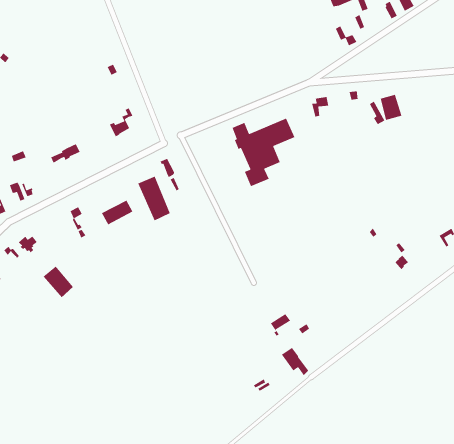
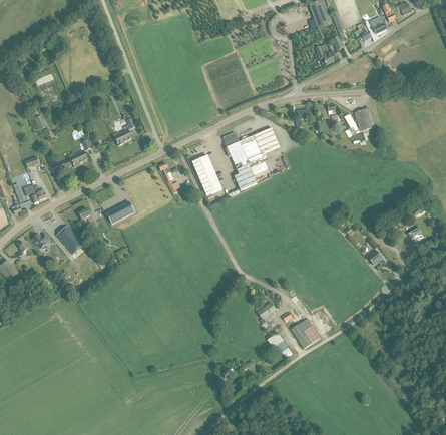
building: [137,175,171,221] -> [190,154,220,195]
building: [42,265,74,298] -> [55,225,83,254]
building: none -> [291,318,319,348]

